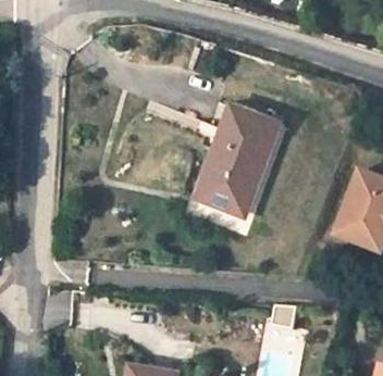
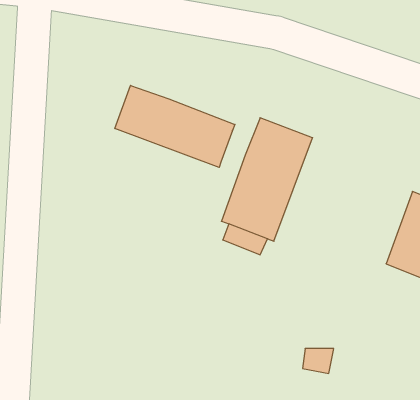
building: none -> [115,85,235,167]

